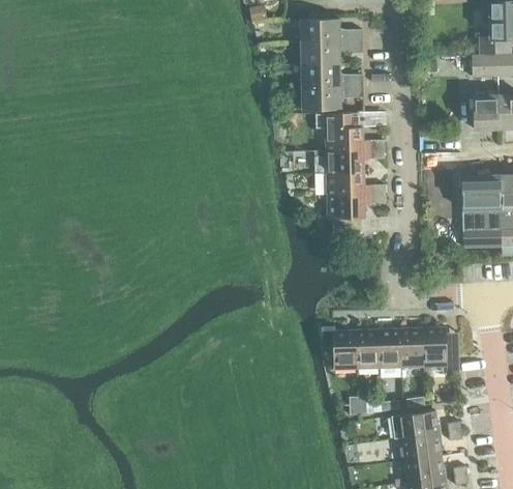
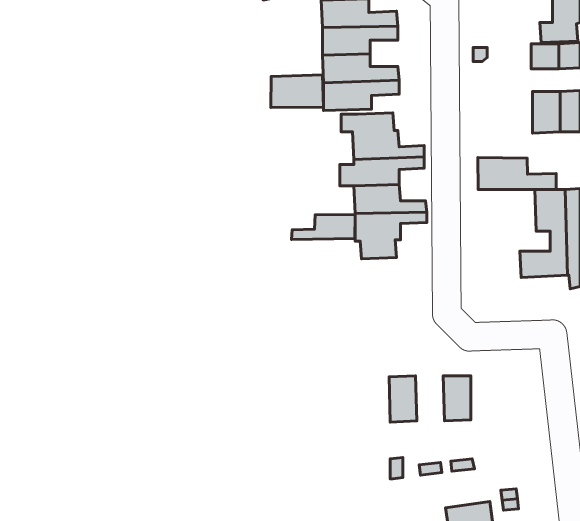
building: none -> [271,75,324,107]
building: none -> [478,158,556,190]
building: none -> [291,215,355,240]
building: [322,325,356,367] -> none
building: [422,327,459,372] -> none
building: [376,328,400,366] -> none
building: [390,410,437,438] -> none

